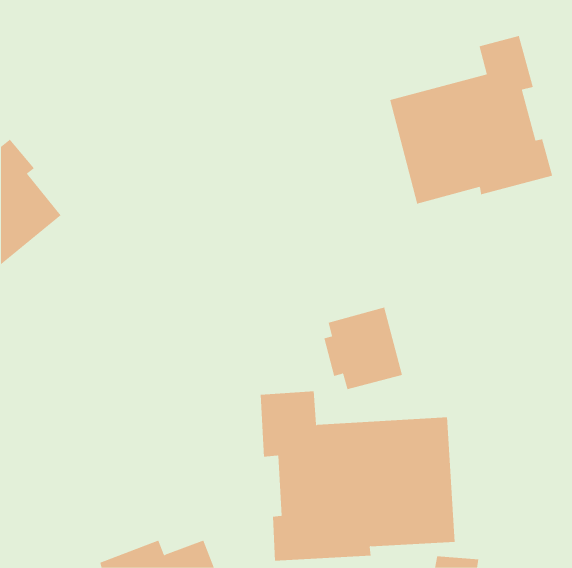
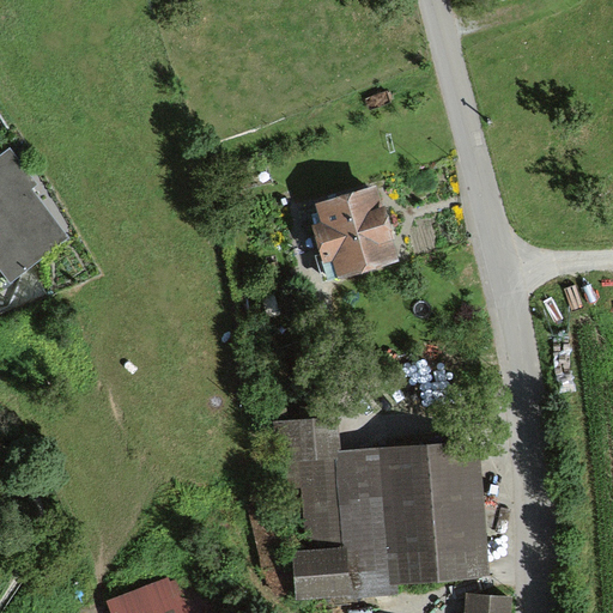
building: [389,35,553,205] -> none
building: [323,307,403,390] -> [312,192,397,280]

